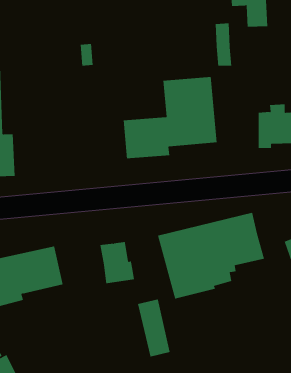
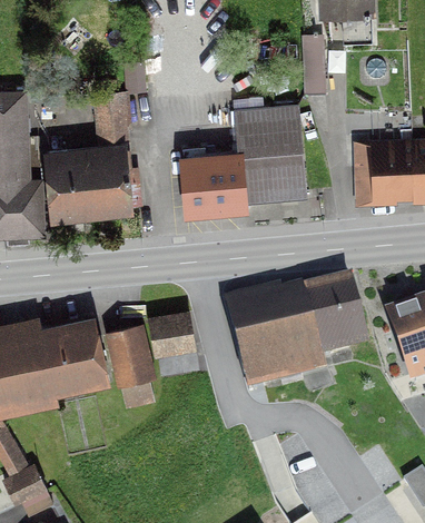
building: none -> [47,80,138,213]
building: [137,299,171,357] -> [108,325,151,401]

